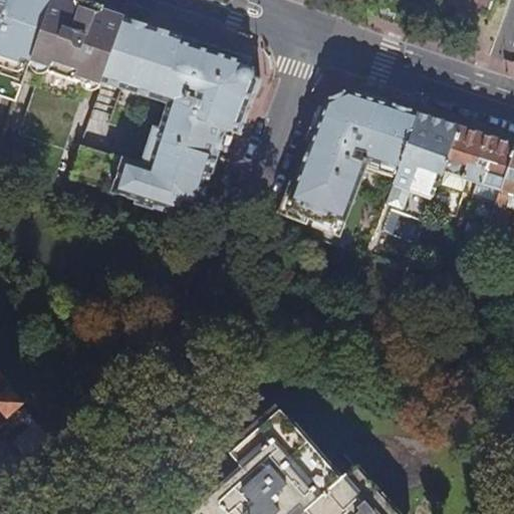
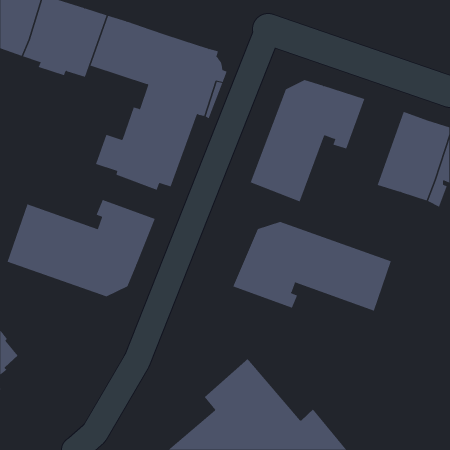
building: [380,112,459,224] -> none
building: none -> [7,199,156,297]
building: none -> [232,221,392,311]

